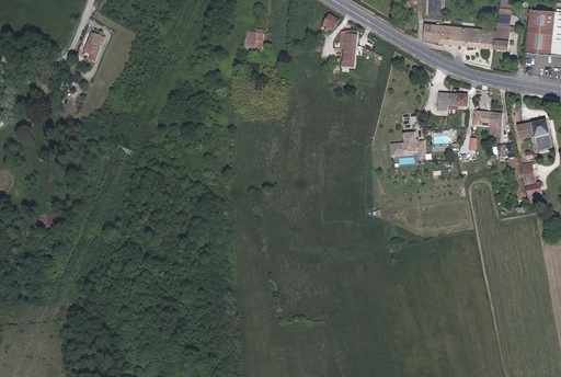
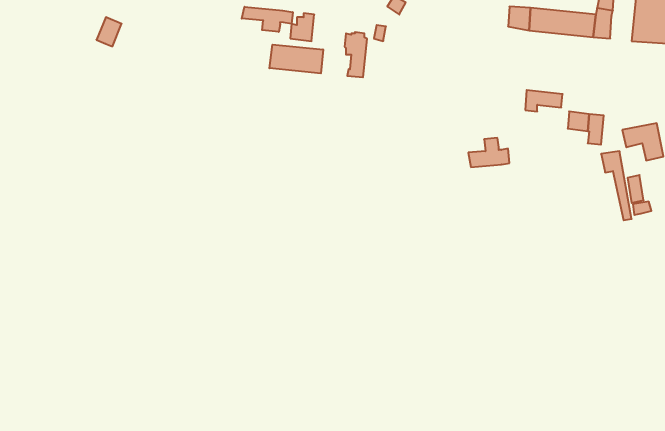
building: none -> [242,7,293,32]
building: [339,30,357,67] -> [345,32,367,77]
building: none -> [269,45,323,73]

